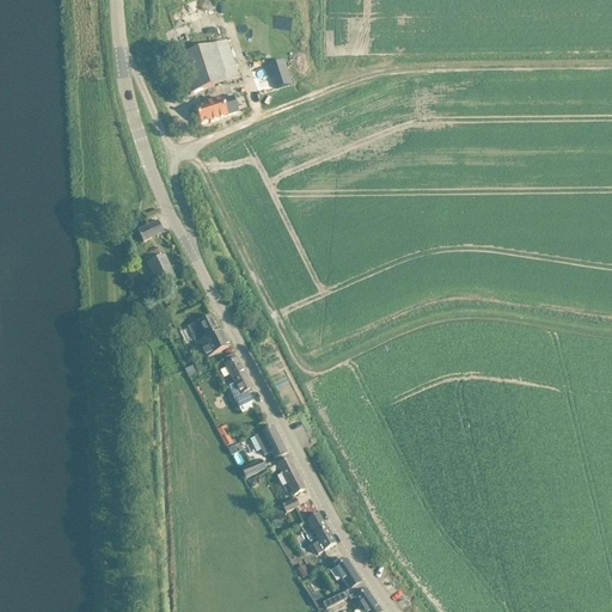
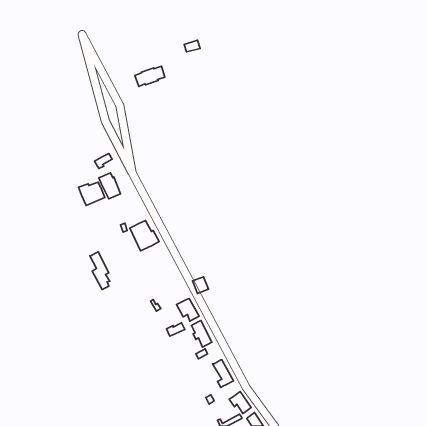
building: [176,38,237,92] -> none
building: none -> [79,182,105,206]
building: [222,357,251,411] -> [90,252,110,290]

